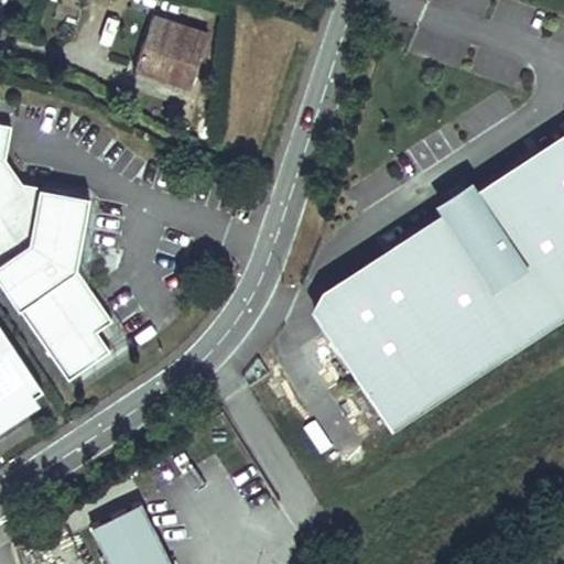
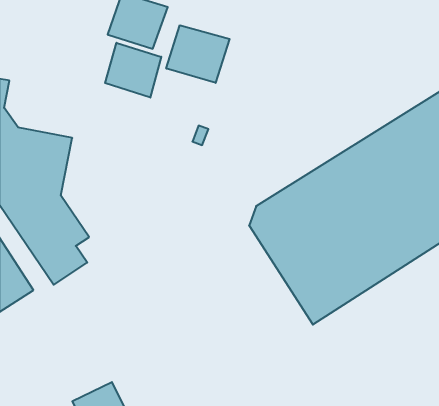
building: none -> [166,25,230,83]
building: none -> [105,43,161,98]

